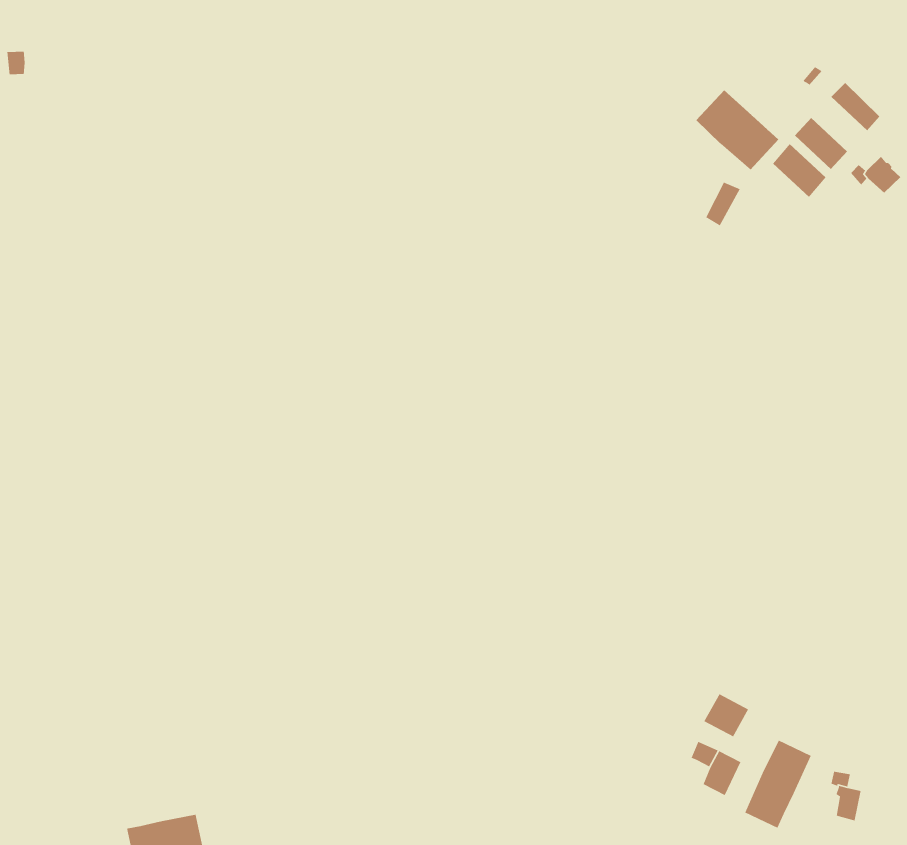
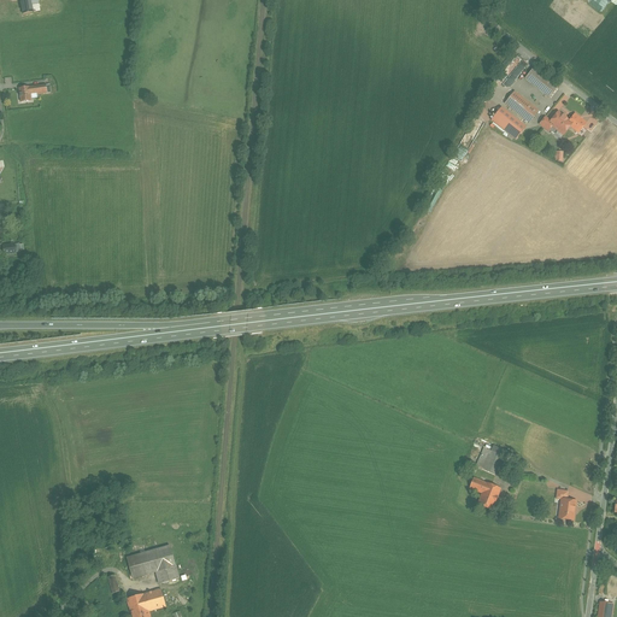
building: [696,90,779,170] -> none
building: [744,740,812,829] -> none

